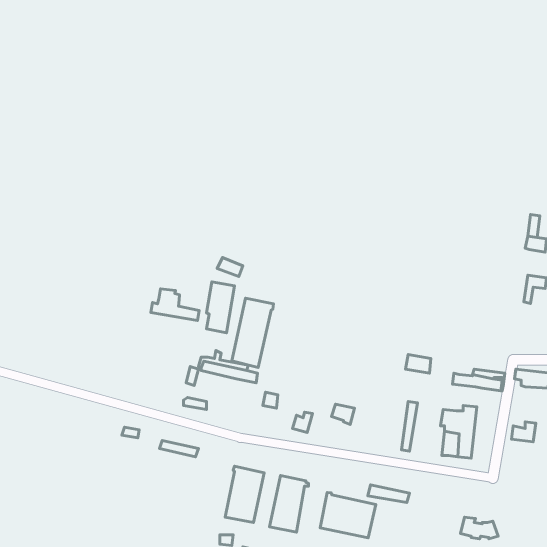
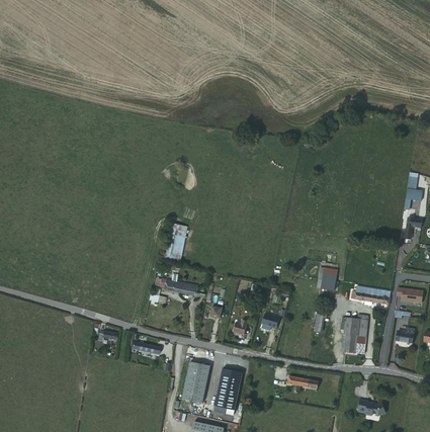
building: [151,289,199,321] -> none
building: [232,298,273,367] -> none
building: [320,492,376,538] -> none

